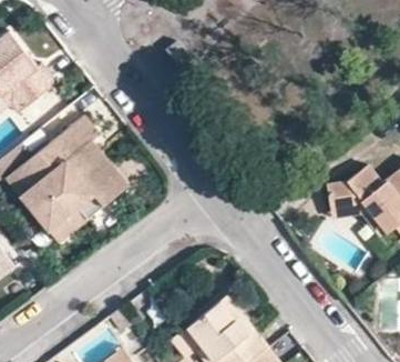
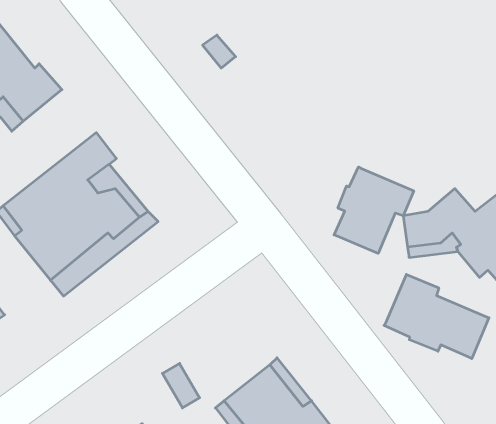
building: none -> [334,167,414,253]
building: none -> [384,274,489,359]

